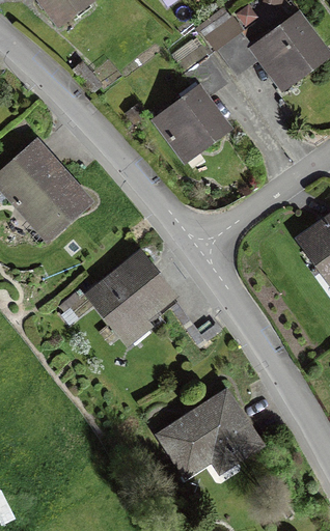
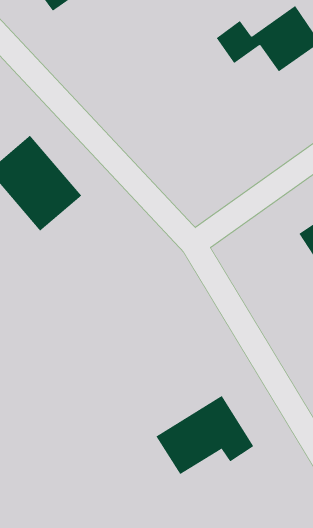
building: [158,56,226,153] -> none
building: [93,258,170,338] -> none

